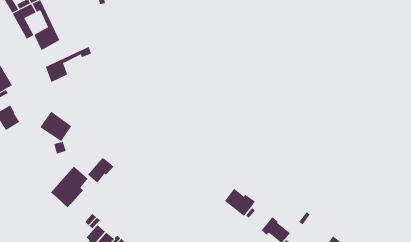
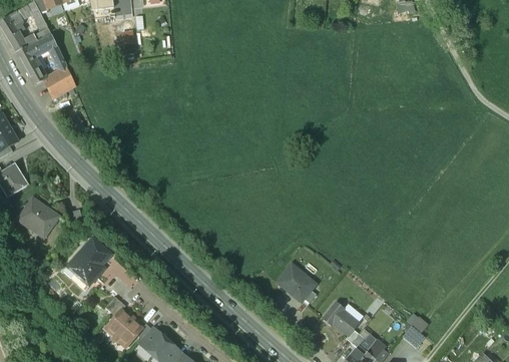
building: [45,46,92,83] -> none
building: [39,111,72,142] -> [18,198,58,236]
building: [87,157,114,183] -> none

